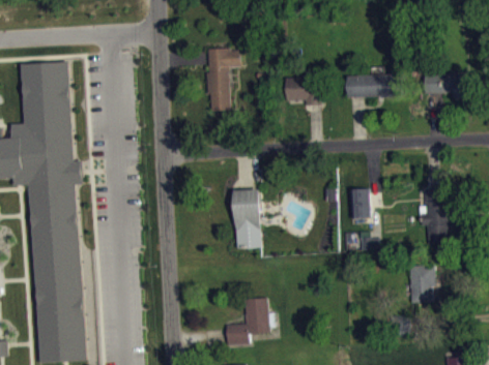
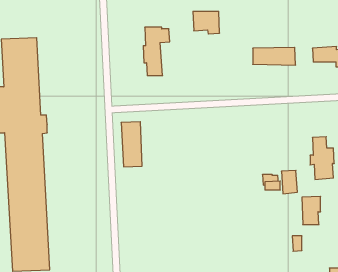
building: [285,77,319,105] -> [193,11,220,34]
building: [348,189,369,219] -> [281,170,297,194]
building: [233,190,260,248] -> [121,122,142,167]
building: [226,298,274,345] -> none

